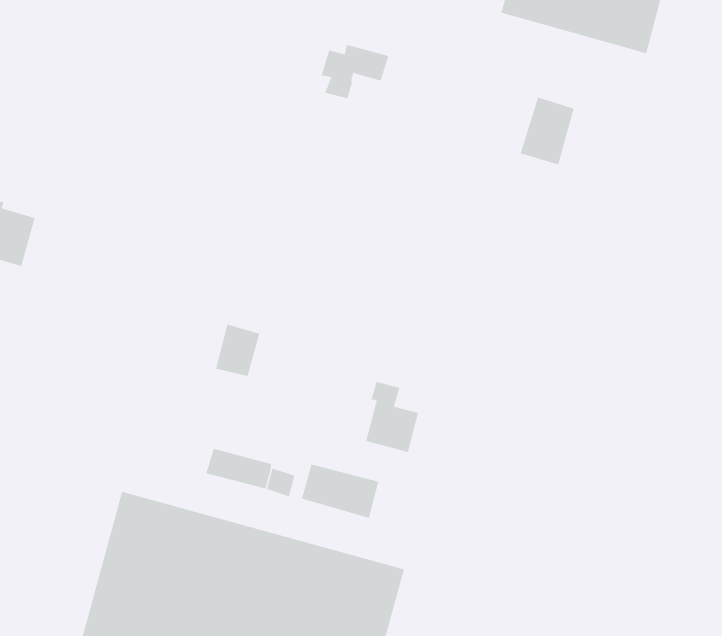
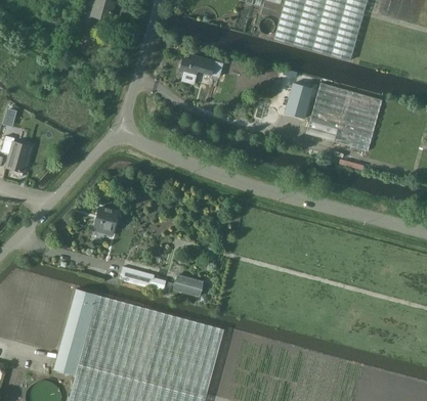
building: none -> [307,82,383,149]
building: [215,324,260,377] -> [94,207,118,234]
building: [366,381,419,453] -> none

